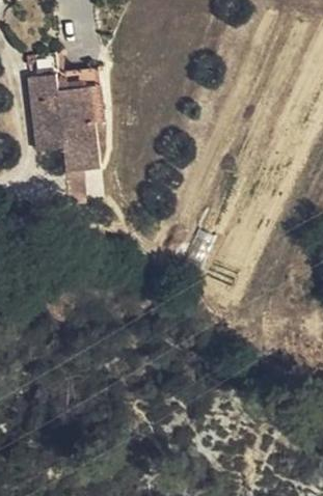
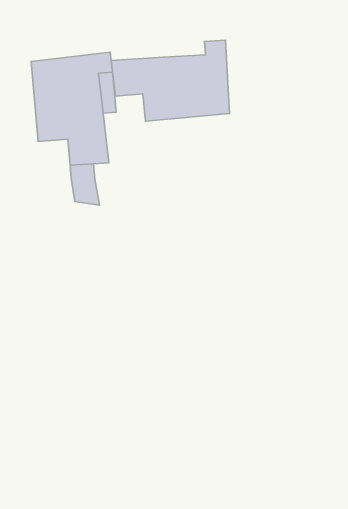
building: none -> [111,40,229,121]

